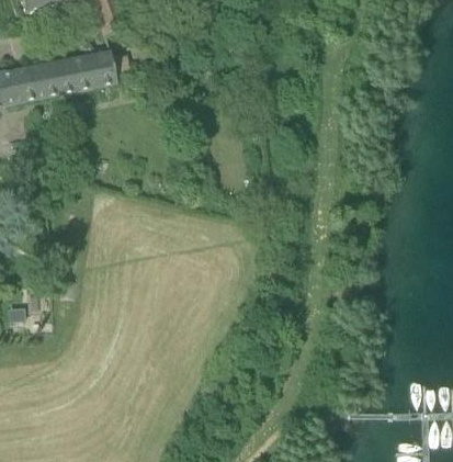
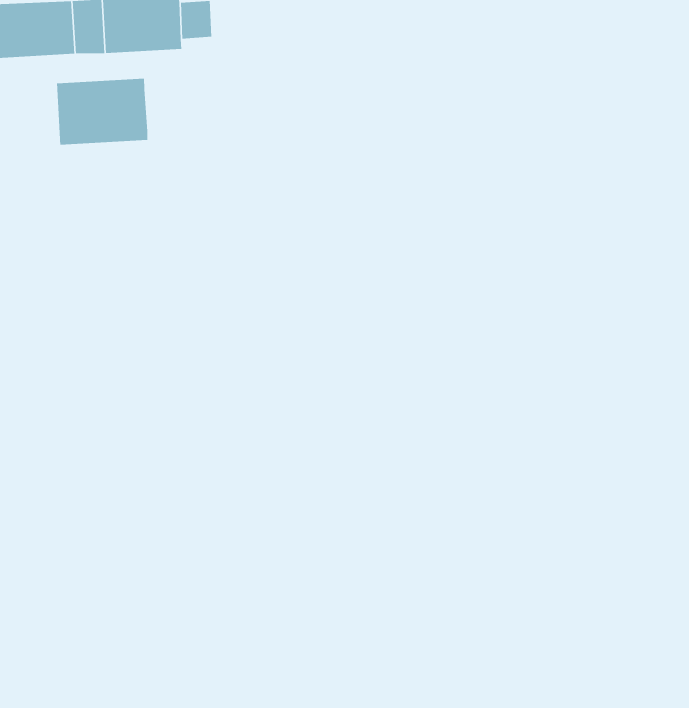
building: none -> [56,78,148,146]

